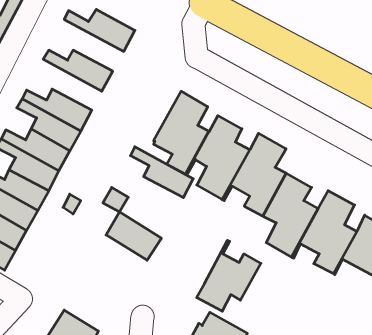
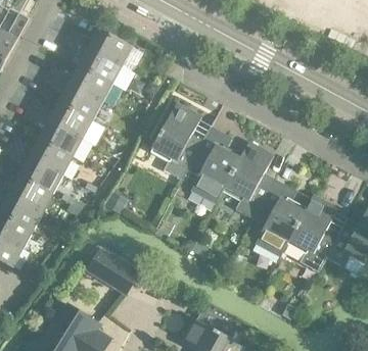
building: none -> [63,37,124,85]
building: [130,147,193,198] -> [45,73,103,120]
building: [106,212,161,260] -> [88,249,139,294]
building: [197,240,261,311] -> none

